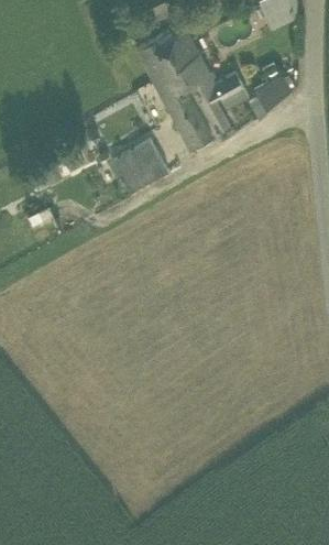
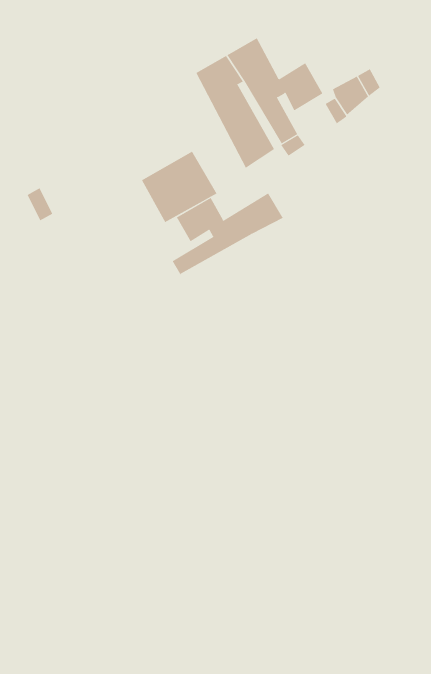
building: [135,30,198,79] -> none
building: none -> [172,193,284,275]

